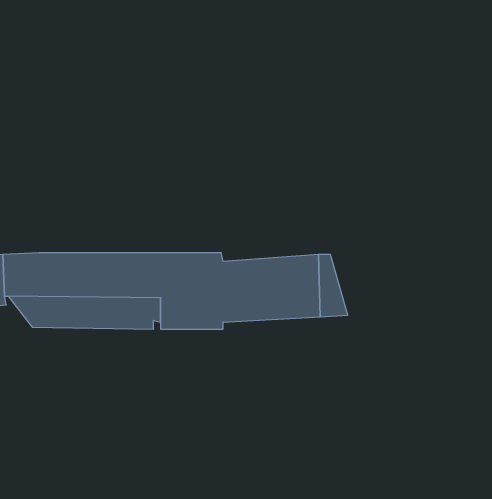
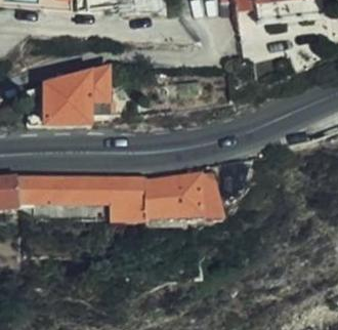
building: none -> [34,65,116,124]

